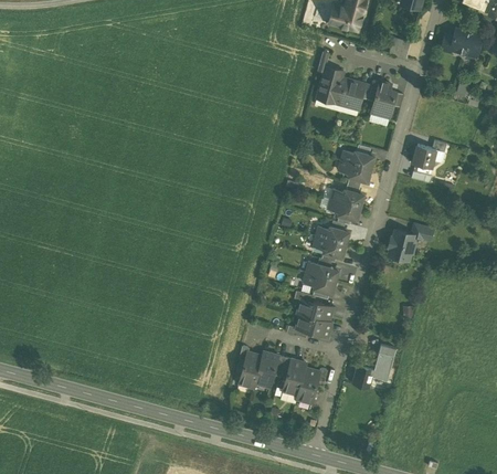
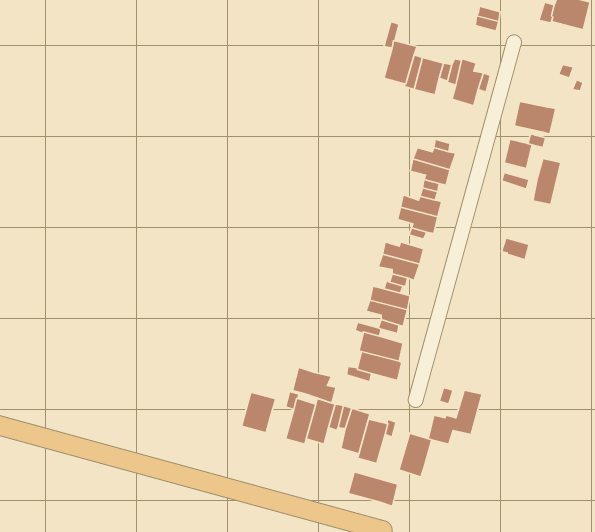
building: none -> [514,102,556,134]
building: none -> [533,159,561,204]
building: [388,229,415,260] -> none
building: none -> [292,367,336,402]
building: none -> [242,392,276,433]
building: none -> [399,433,432,477]
building: none -> [348,472,398,506]

